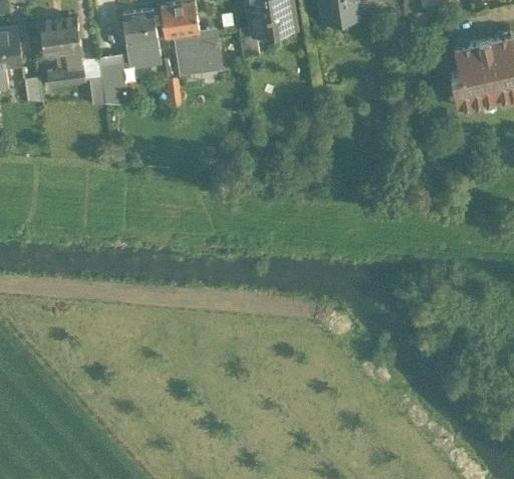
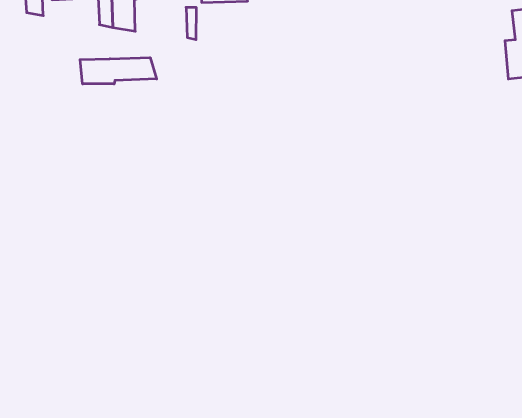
building: none -> [80,58,157,84]

